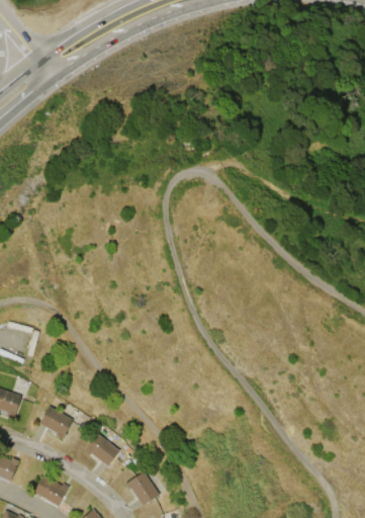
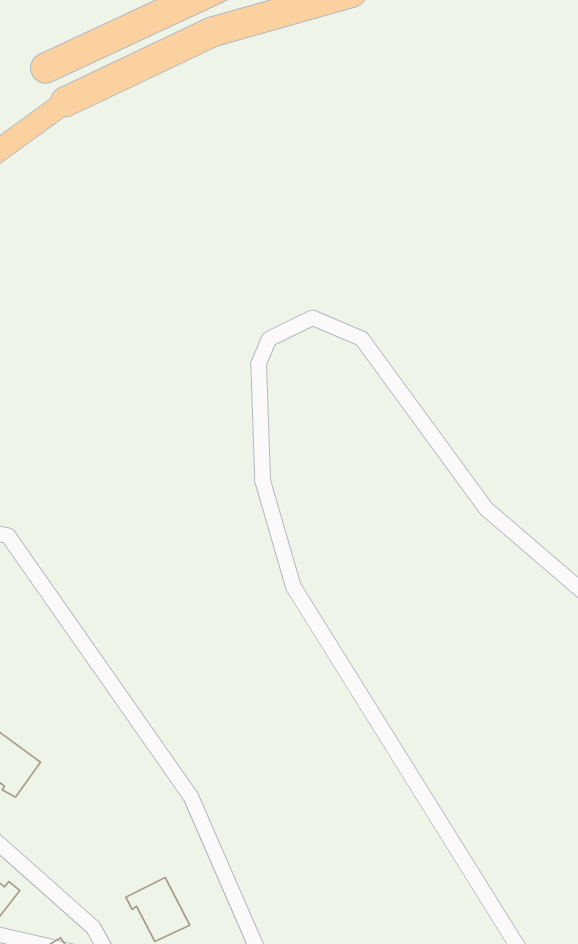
building: [83,433,119,465] -> none

